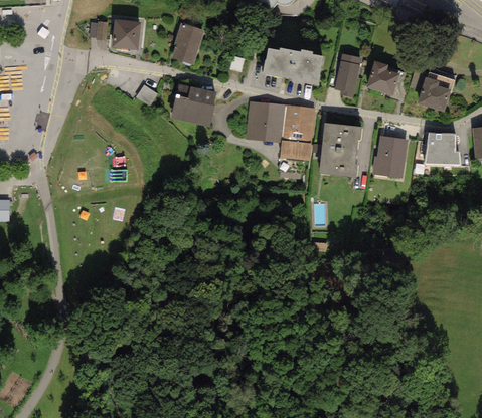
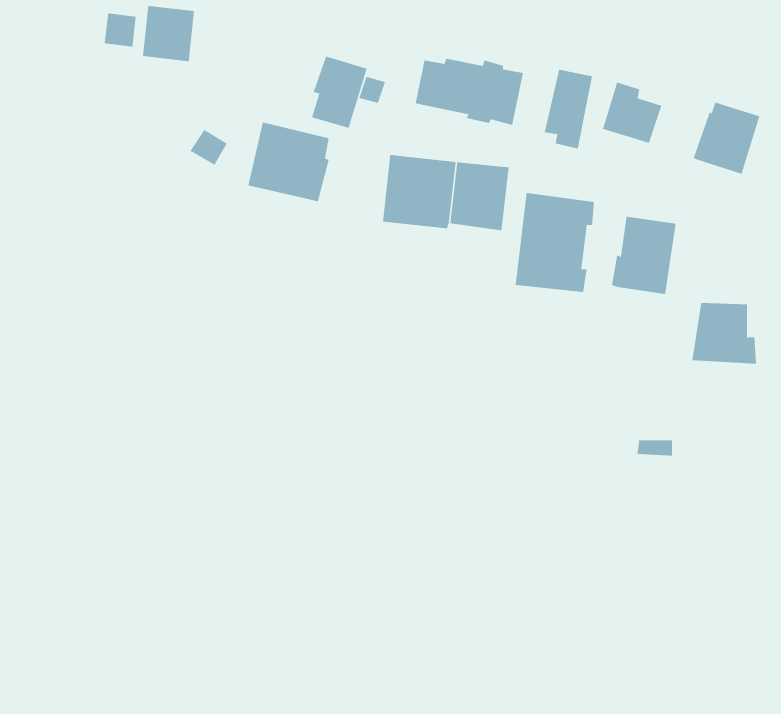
building: [172,23,203,63] -> [311,56,367,128]
building: [424,132,460,166] -> [691,302,757,364]
building: [280,139,311,160] -> none

